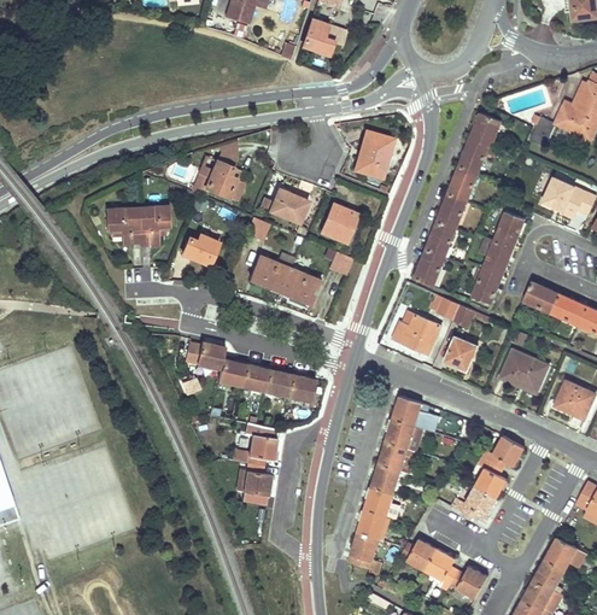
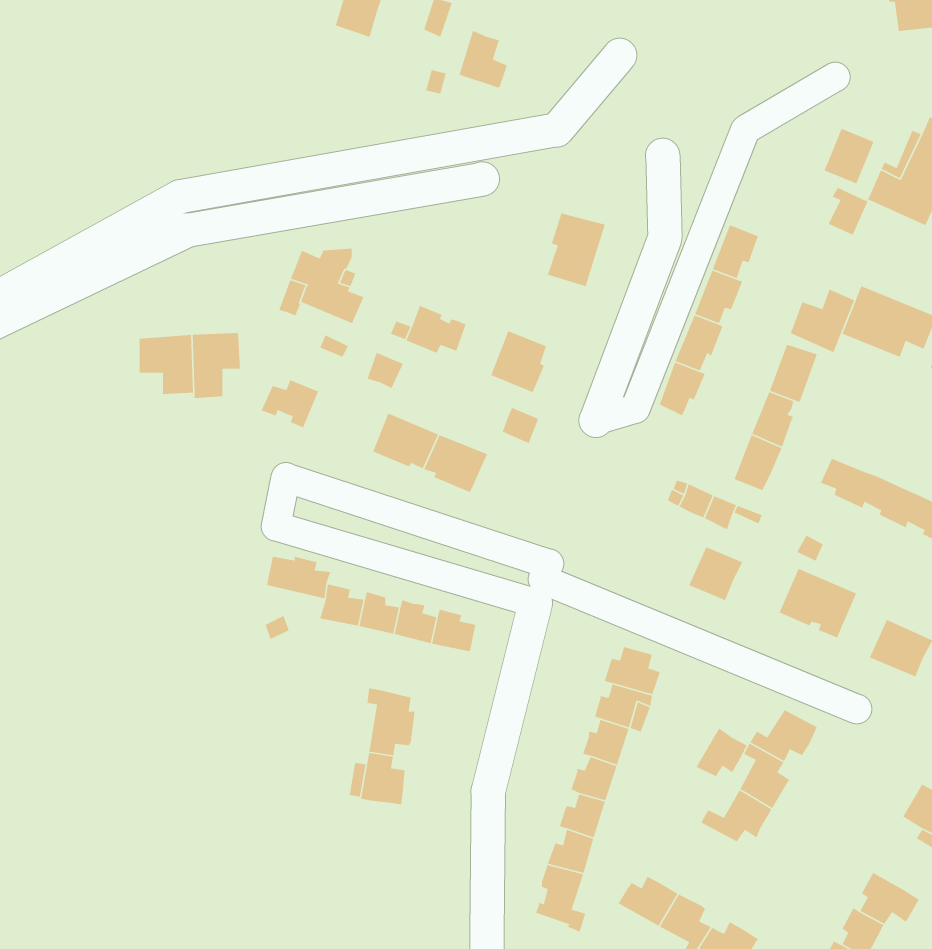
building: [469,112,501,147] -> [824,128,875,185]
building: none -> [790,288,855,353]
building: [414,250,444,285] -> none
building: [392,311,440,353] -> none
building: none -> [696,728,748,777]

